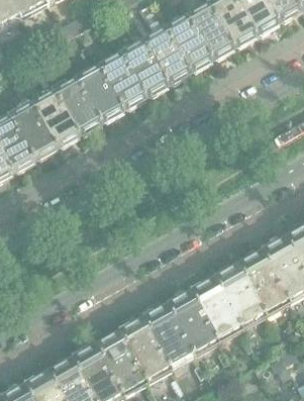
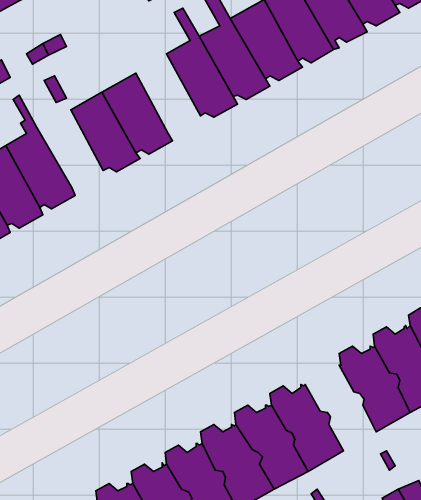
building: [97,55,144,111] -> none
building: [29,93,78,148] -> none
building: [212,268,262,326] -> none

